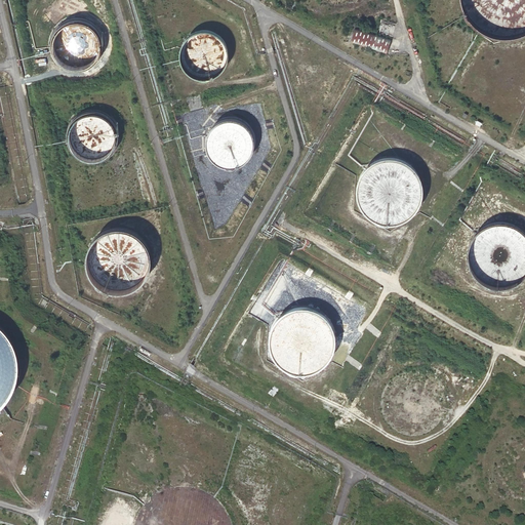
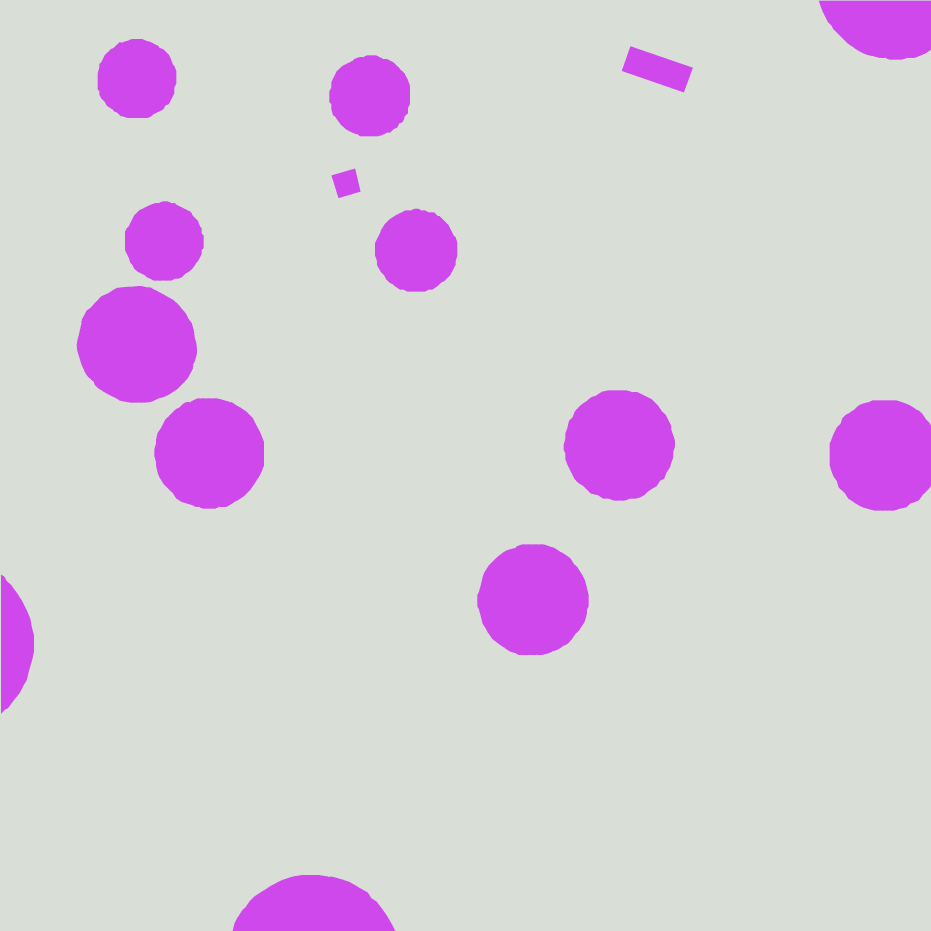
building: [357,161,420,224] -> [563,390,676,501]
building: none -> [76,285,198,404]

